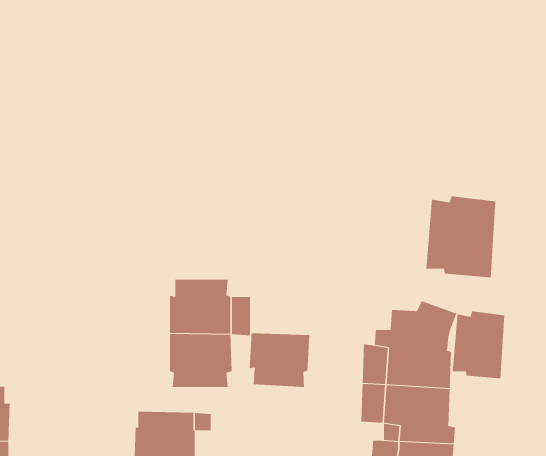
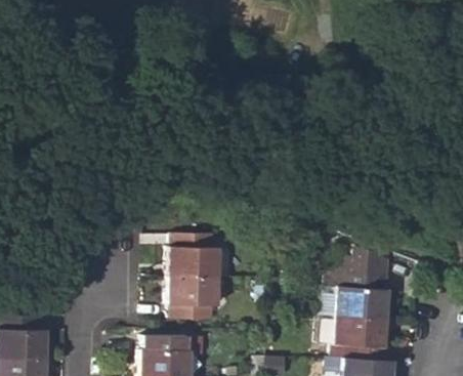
building: [426,195,496,278] -> none
building: [452,311,505,379] -> none
building: [249,332,310,388] -> none

